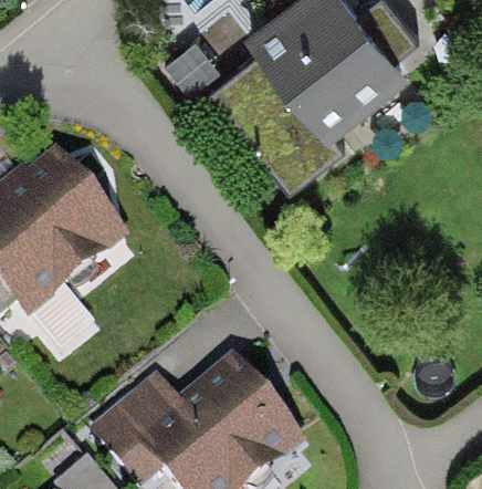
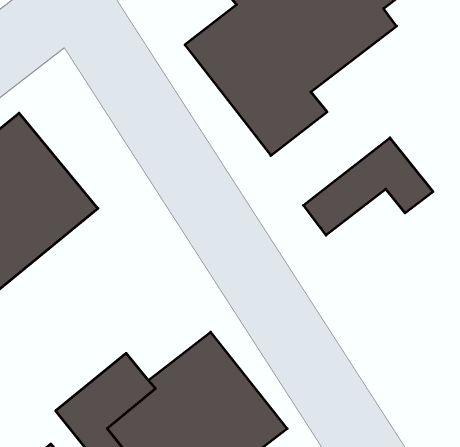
building: none -> [303,138,433,235]

